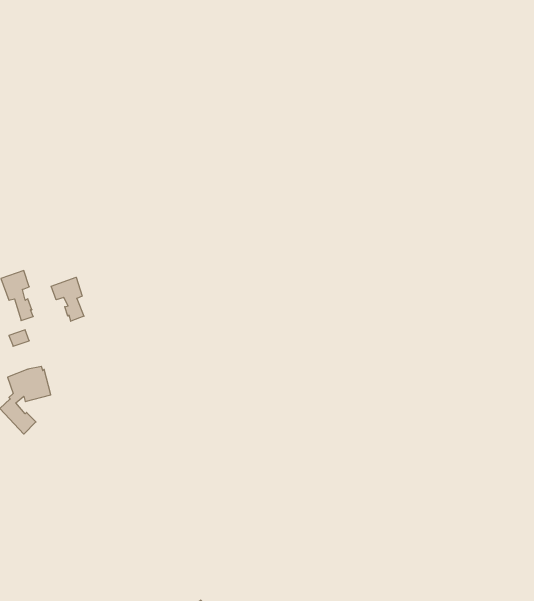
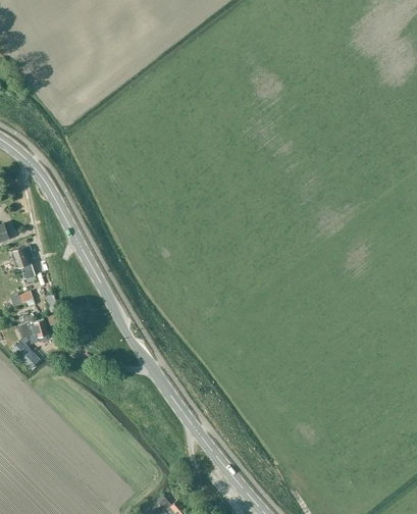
building: [51,277,84,321] -> none

